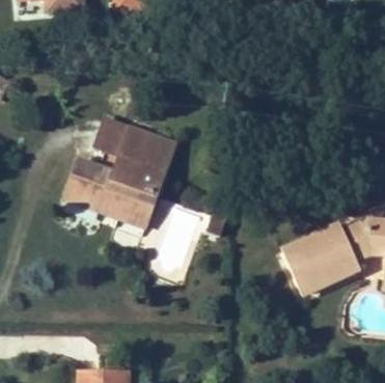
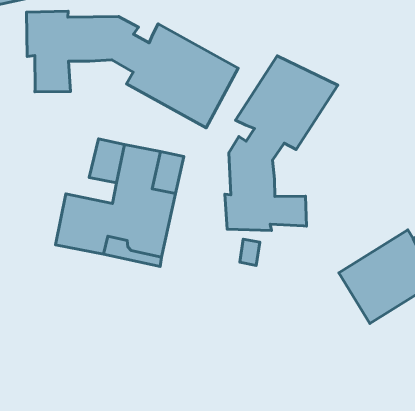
building: none -> [26,11,238,128]
building: none -> [225,56,338,231]

